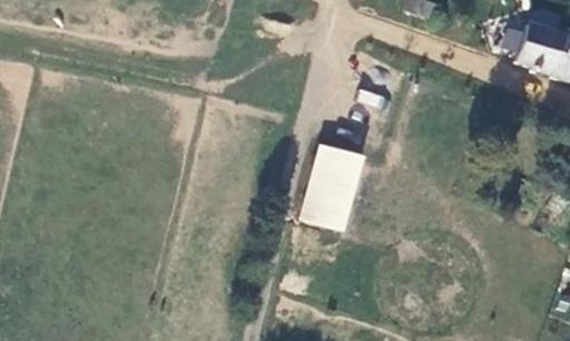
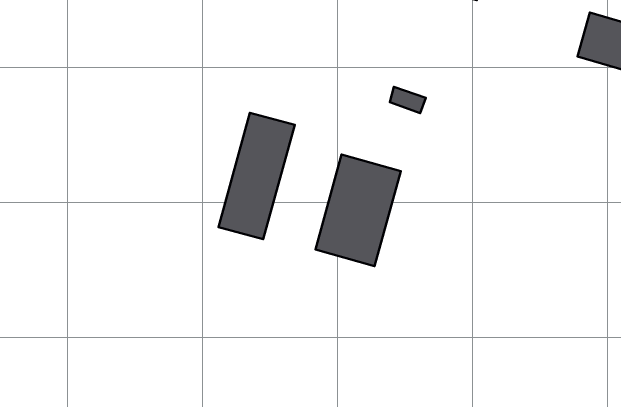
building: none -> [218,113,295,239]

